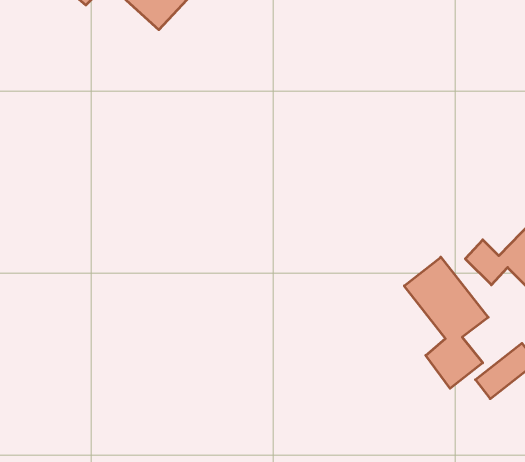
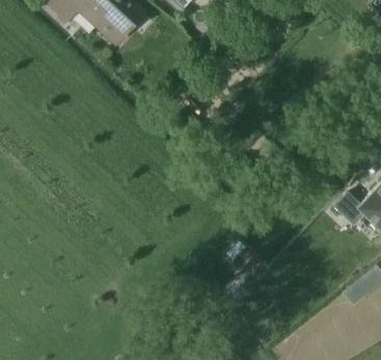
building: [404,257,488,388] -> none

